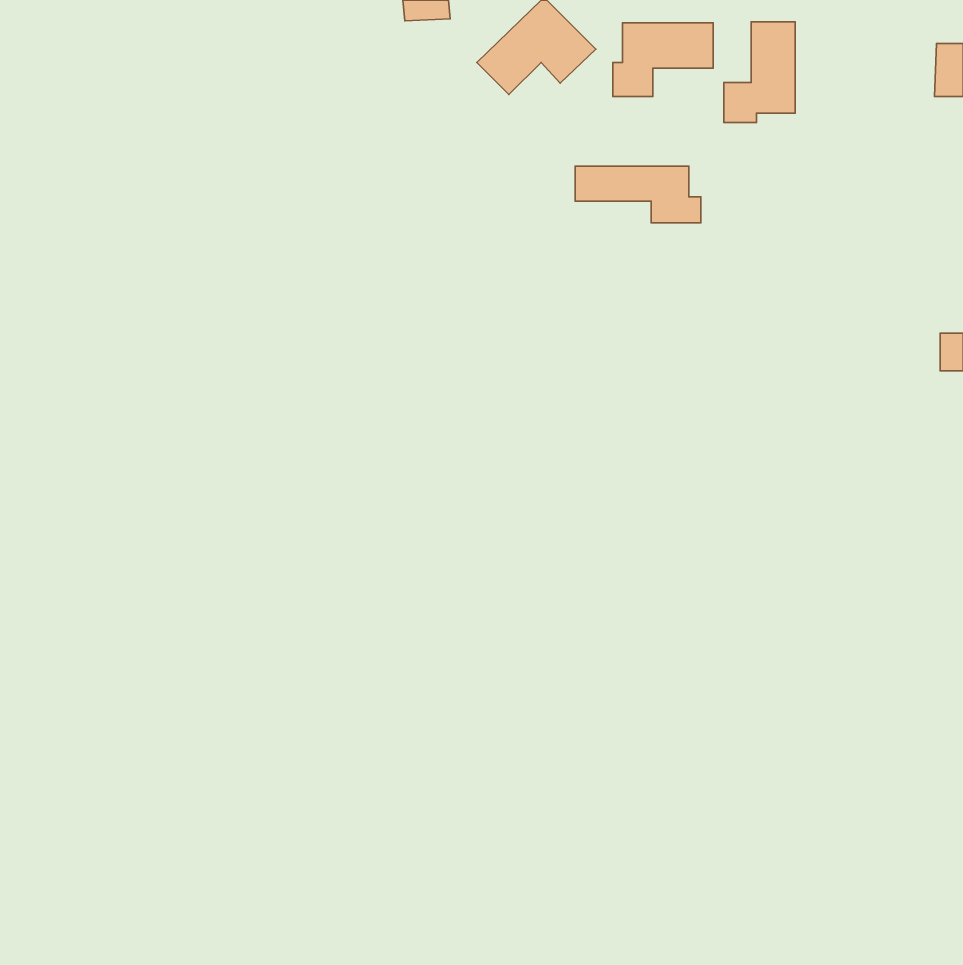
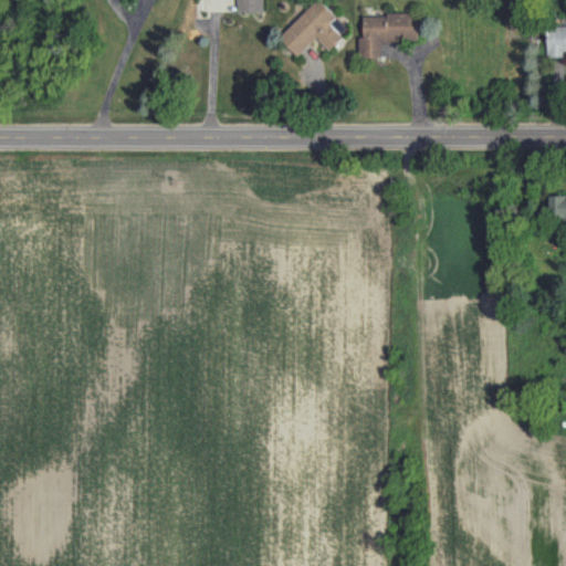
building: [724,22,795,123] -> none
building: [575,166,701,223] -> none

